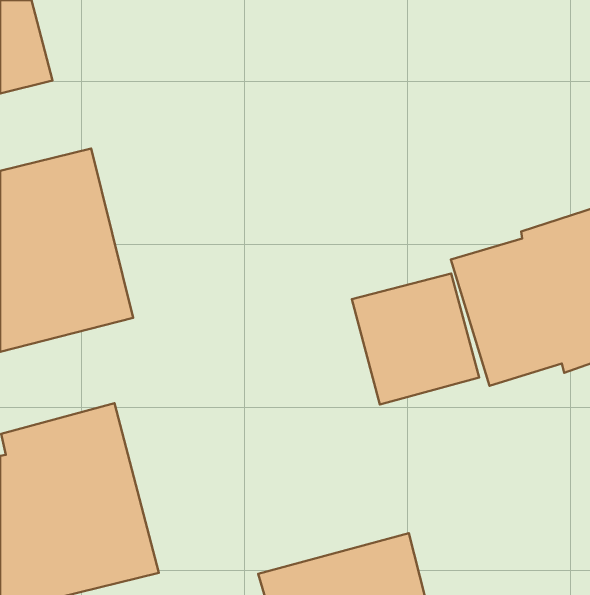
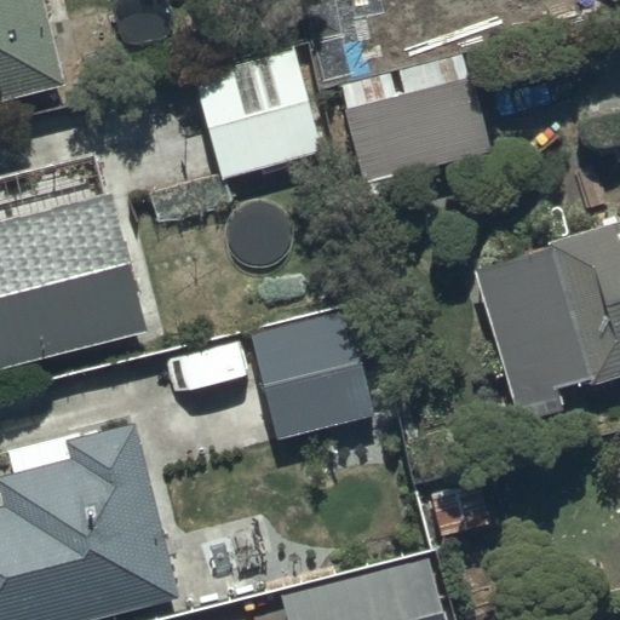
building: none -> [194,50,323,182]
building: none -> [334,54,492,223]
building: [352,274,479,404] -> [246,308,378,443]

